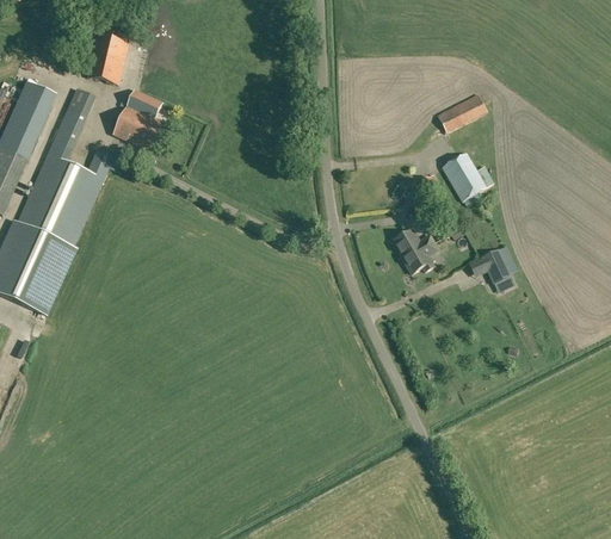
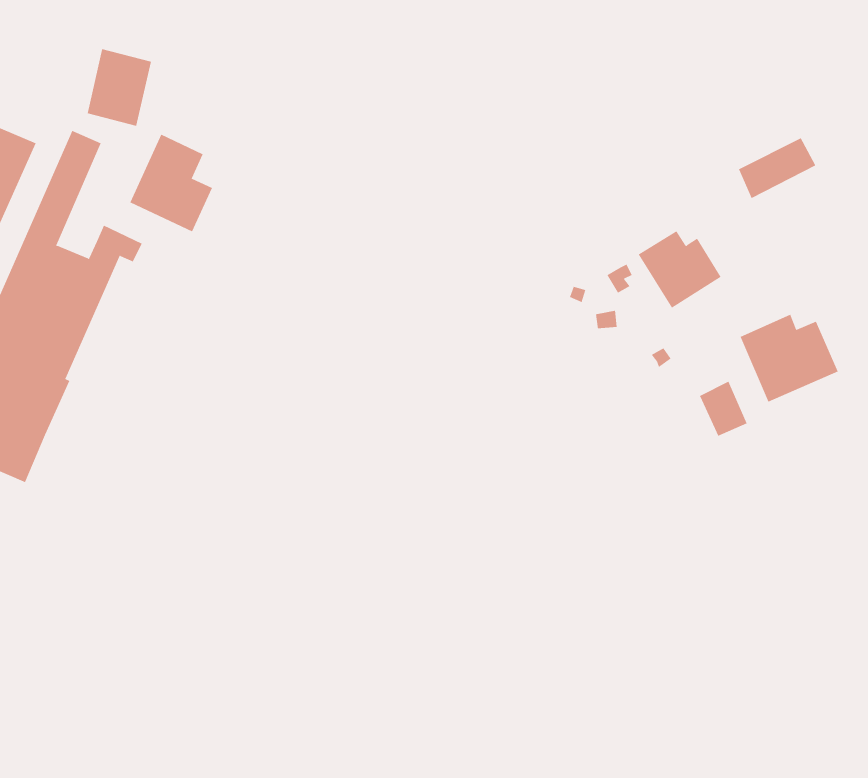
building: [437,93,487,132] -> [738,137,816,199]
building: none -> [740,314,839,403]
building: [394,229,438,273] -> none

